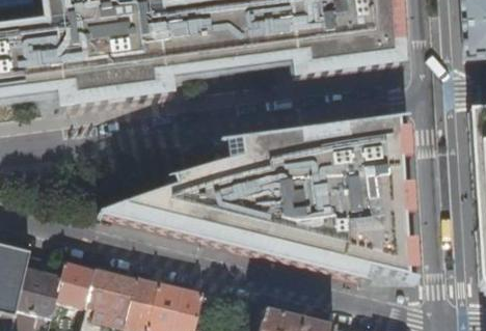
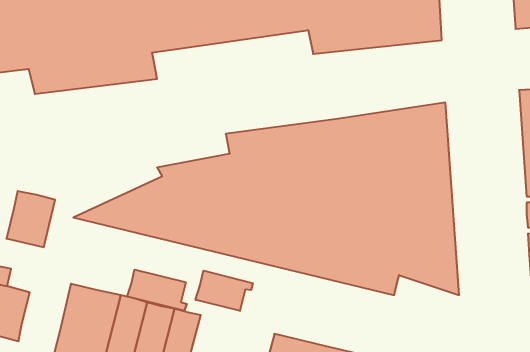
building: none -> [127,270,187,311]
building: none -> [196,271,253,311]
building: [56,260,97,307] -> [6,191,55,247]

